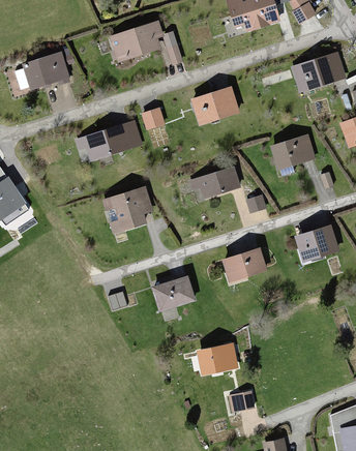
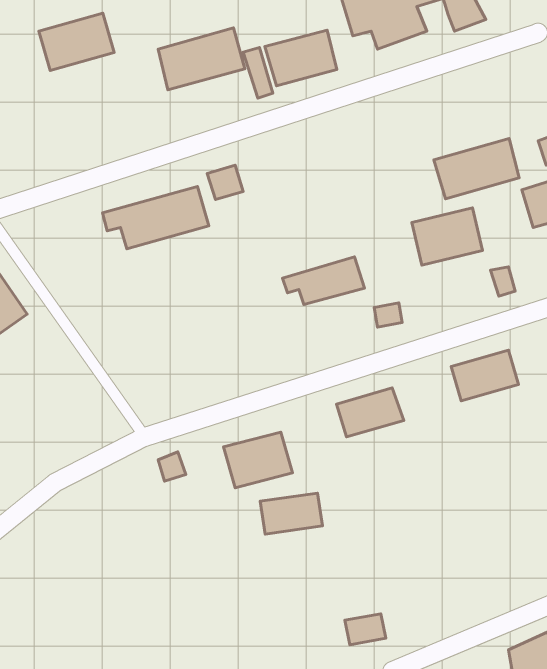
building: [22,52,69,88] -> [39,13,114,70]
building: [291,53,345,91] -> [434,138,519,199]
building: [190,87,236,122] -> [265,30,337,86]
building: [105,187,151,232] -> none
building: [197,344,236,370] -> [260,493,323,534]

